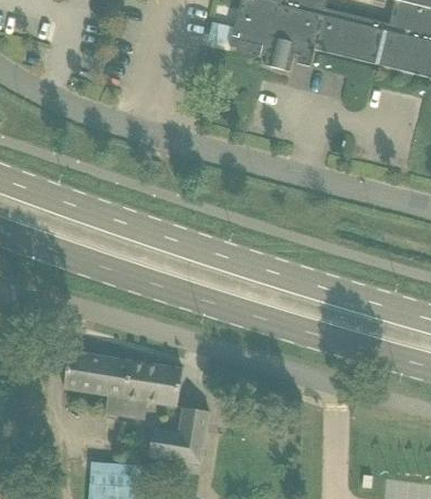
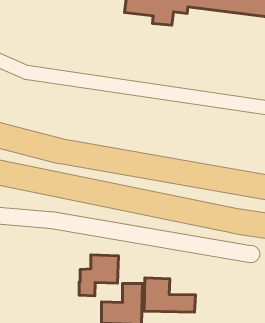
building: [63,353,145,416] -> none
building: none -> [144,278,196,312]

